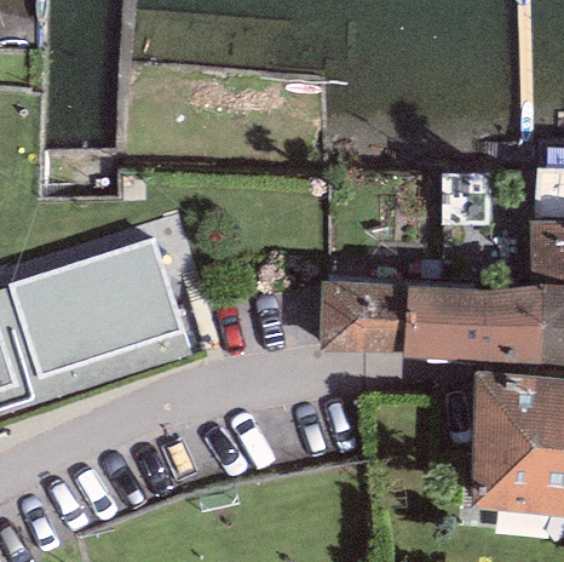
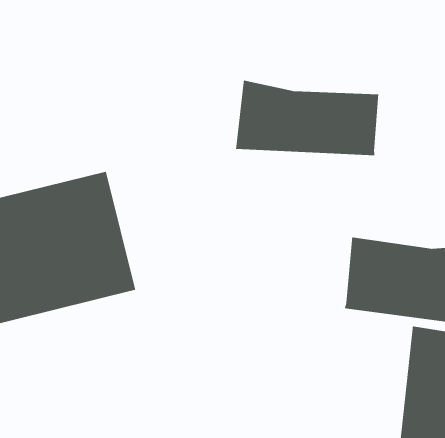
building: none -> [235,79,379,156]
building: [318,280,405,351] -> none

